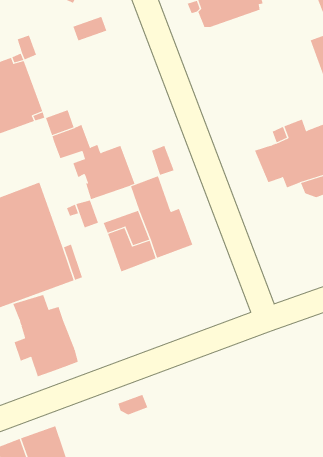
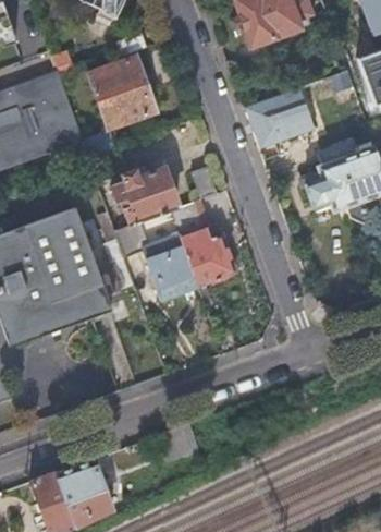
building: none -> [90,58,155,126]
building: none -> [245,86,316,148]
building: [12,294,79,377] -> none

